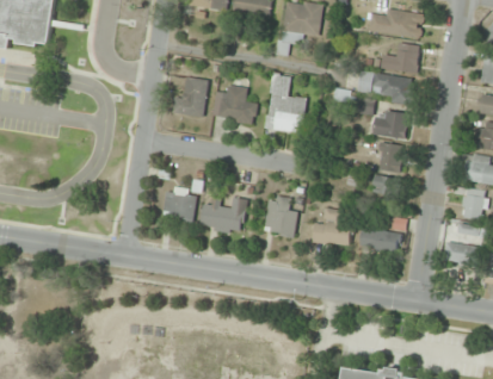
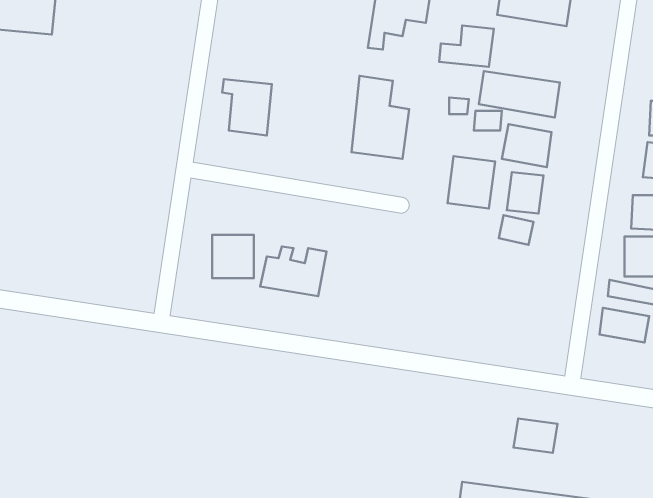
building: [380,42,419,72] -> [439,25,494,67]
building: [211,82,257,124] -> none
building: none -> [447,156,495,209]
building: [260,193,298,237] -> none
building: [312,207,351,244] -> none
building: [358,225,400,251] -> none
building: none -> [514,419,557,453]

